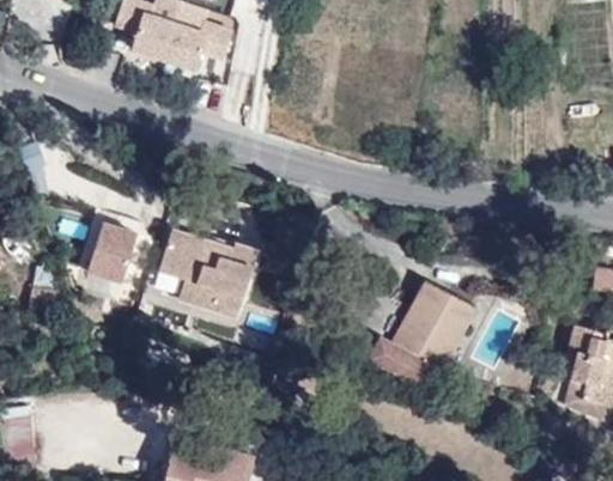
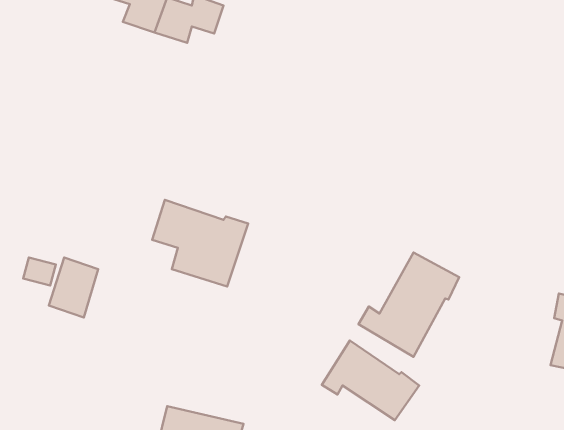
building: [87,220,138,281] -> [49,258,98,317]
building: none -> [322,340,419,420]

